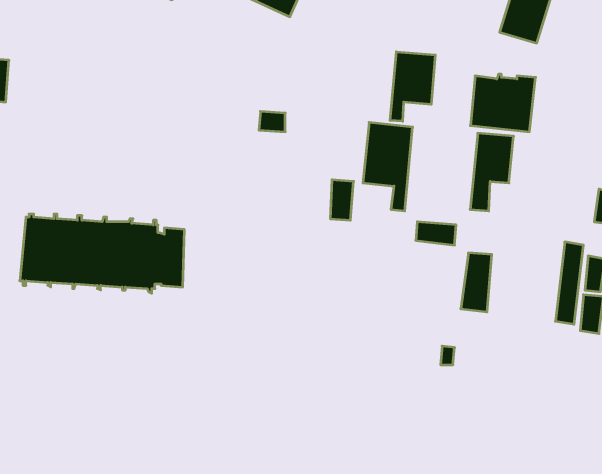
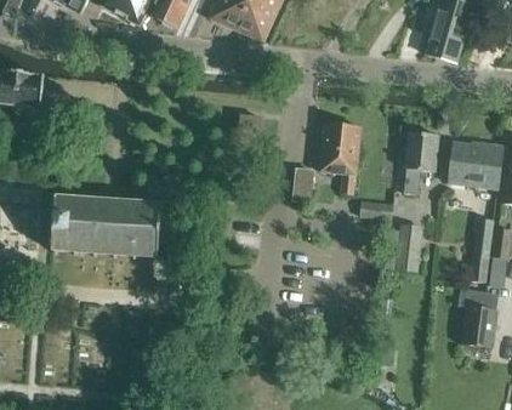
building: [390,52,435,121] -> none
building: [470,74,536,132] -> [450,142,501,187]
building: none -> [462,303,496,346]

